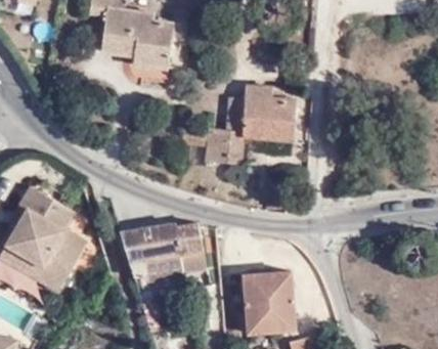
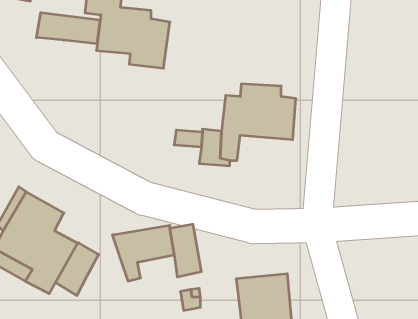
building: none -> [36,13,100,44]
building: none -> [56,243,99,296]

